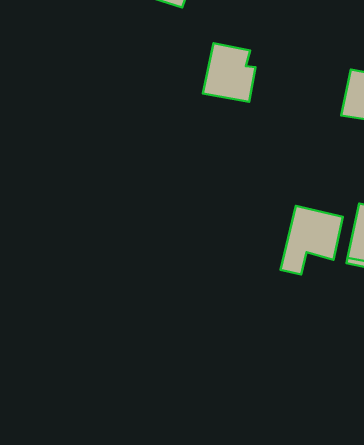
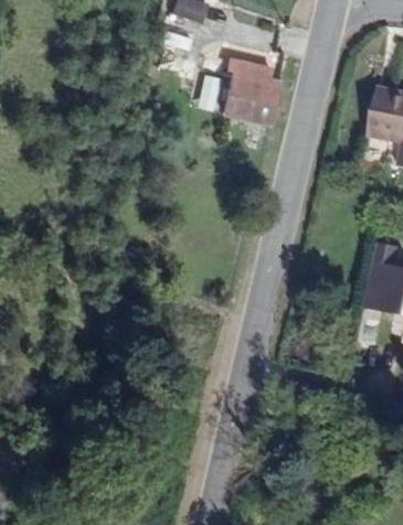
building: [280,206,343,274] -> none

